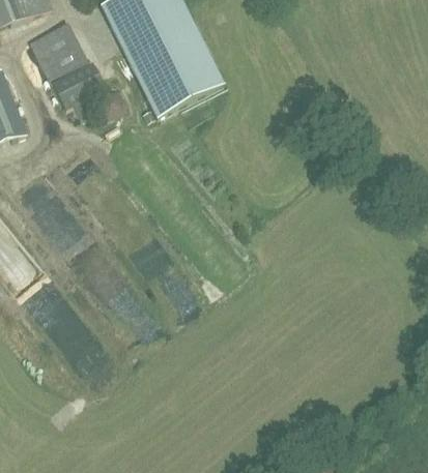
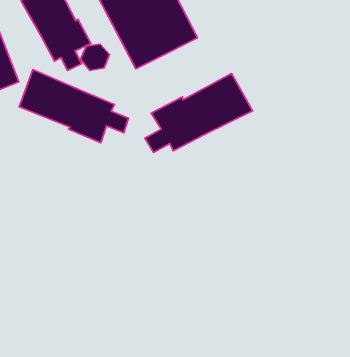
building: none -> [19,69,129,143]
building: none -> [145,74,252,152]

